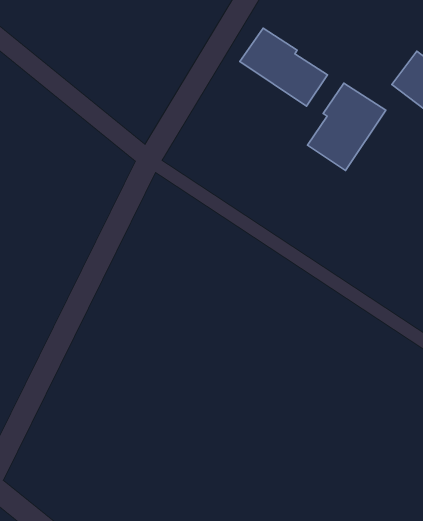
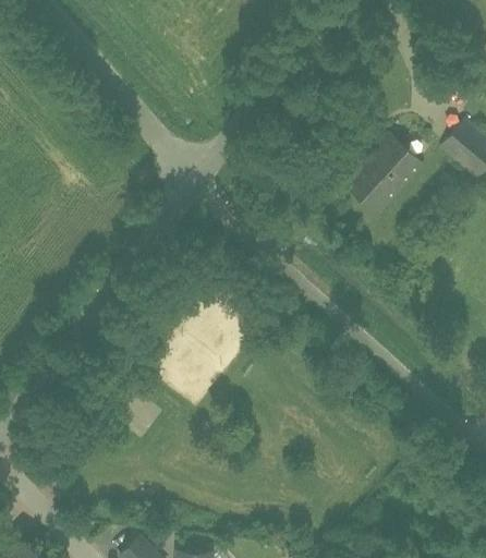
building: [240,28,327,106] -> none

